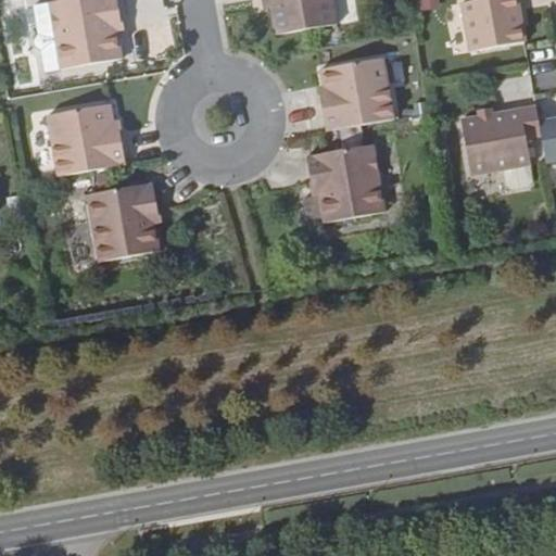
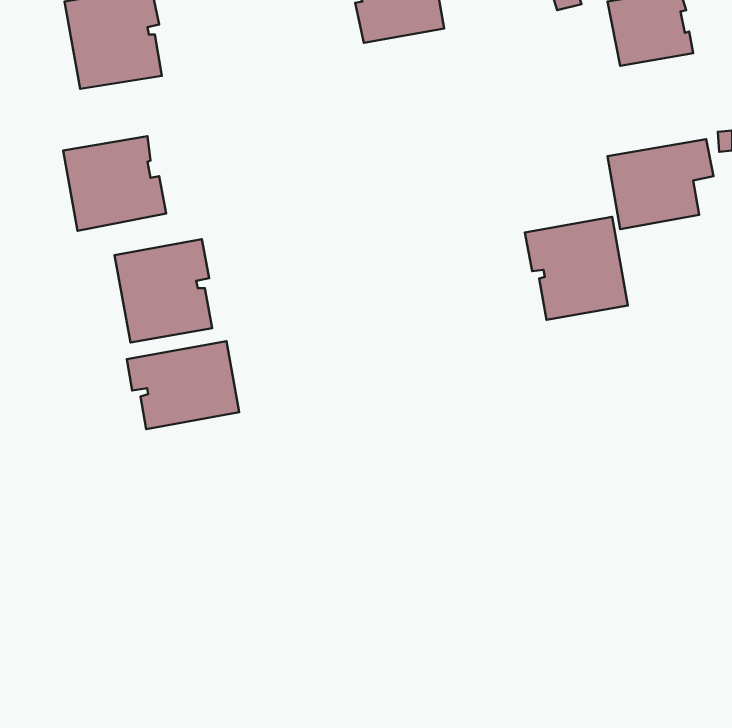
building: [320,56,394,129] -> none
building: [307,142,386,220] -> [525,217,628,320]
building: none -> [127,341,239,429]

